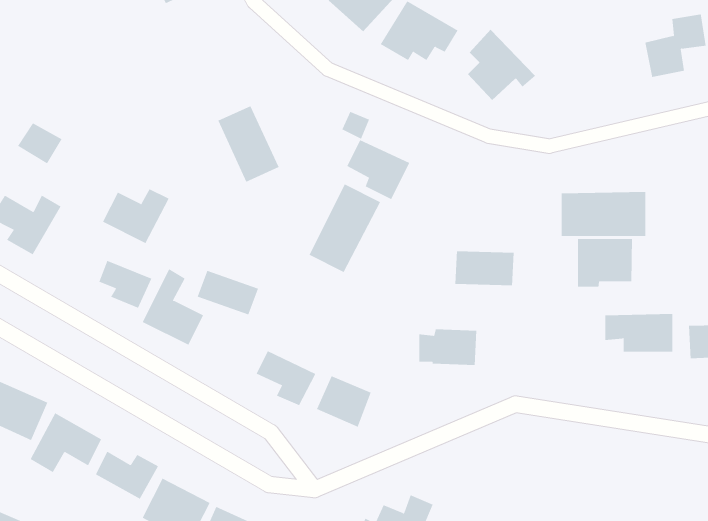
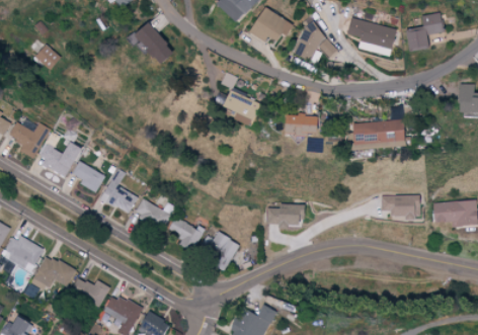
building: none -> [346,18,397,56]
building: [217,105,279,182] -> [133,20,170,67]
building: [17,122,63,164] -> [32,45,60,70]
building: [309,184,381,273] -> none
building: [102,188,169,244] -> [39,143,80,176]
building: [578,238,633,288] -> none
building: [454,251,515,286] -> [281,113,317,135]
building: [197,270,259,315] -> [136,200,173,228]

